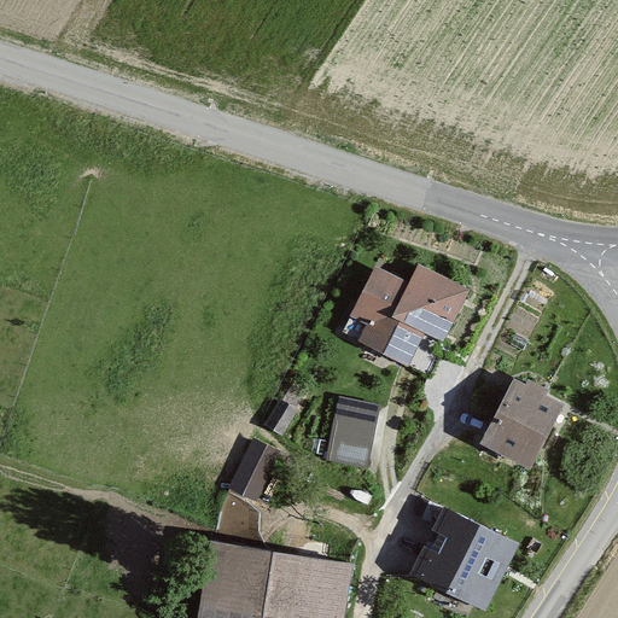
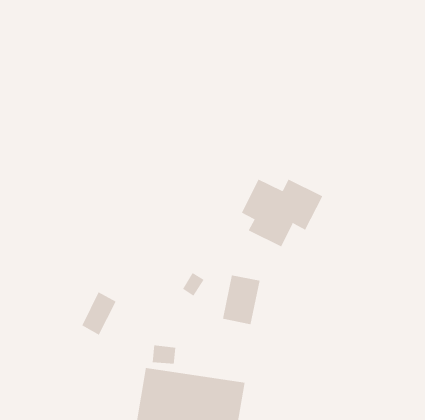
building: [480,378,562,467] -> none
building: [228,442,279,506] -> [81,291,117,336]
building: [410,505,520,611] -> none

